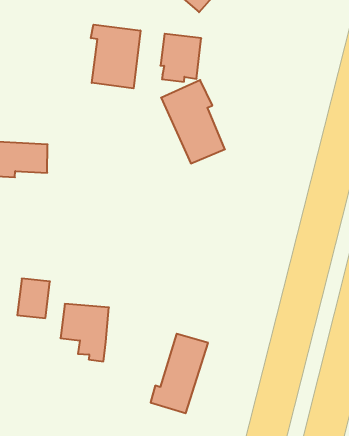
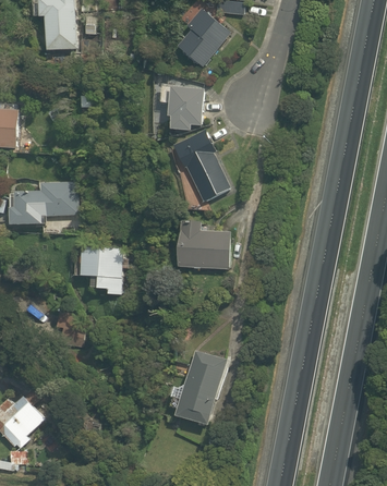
building: [91,25,140,88] -> none
building: none -> [180,212,232,269]
building: [60,304,109,361] -> [81,245,122,294]

